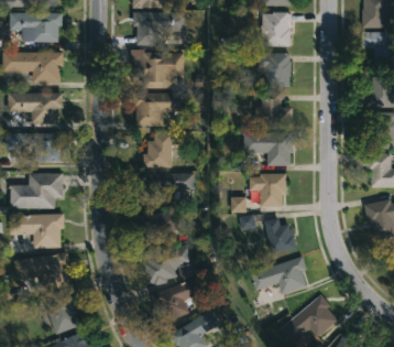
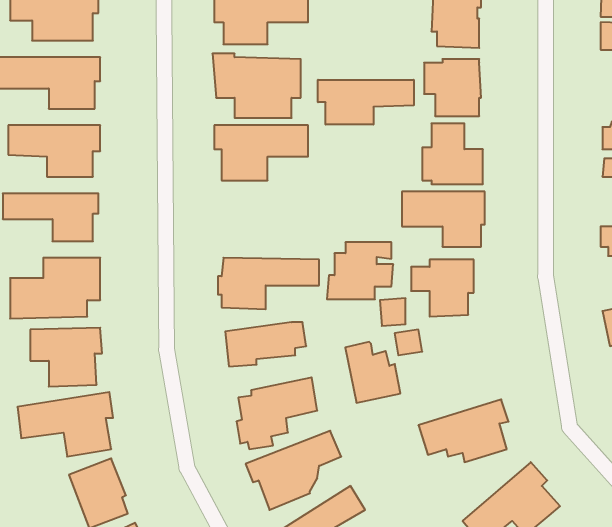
building: none -> [318,80,414,125]
building: [142,133,182,167] -> [327,242,393,299]
building: [264,218,297,254] -> [345,342,400,403]

